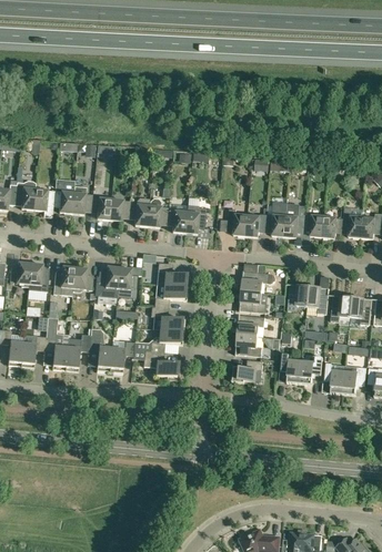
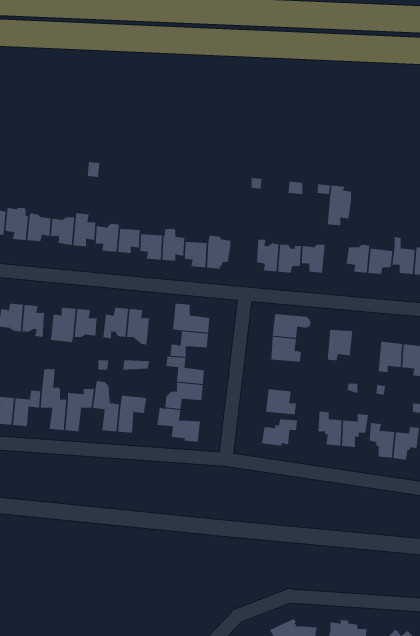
building: [284,204,305,238] -> [327,185,352,226]
building: [308,286,329,314] -> none
building: [237,315,264,337] -> none

